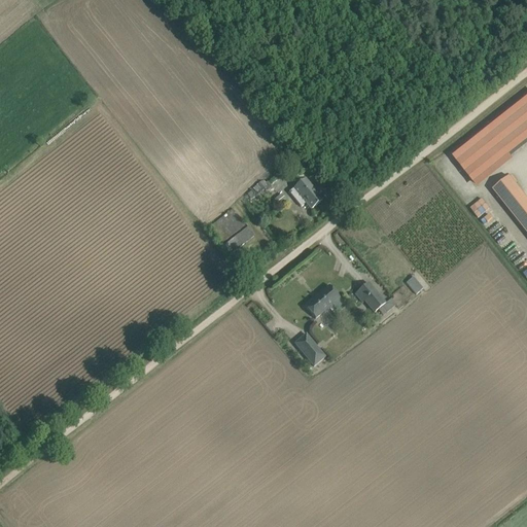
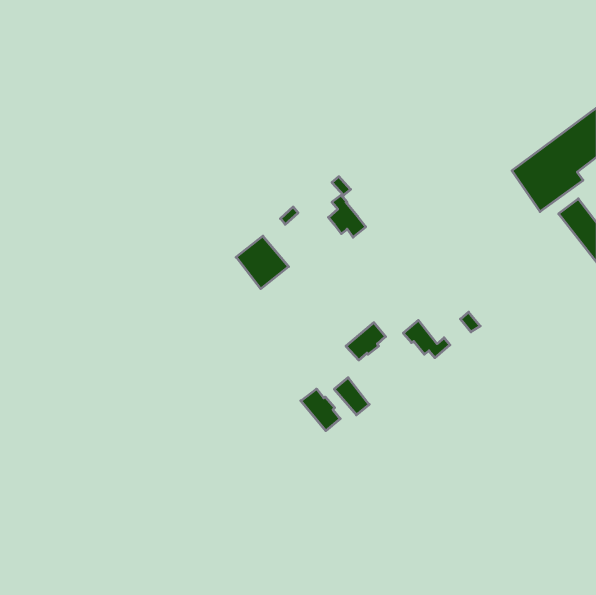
building: none -> [301,389,340,431]

